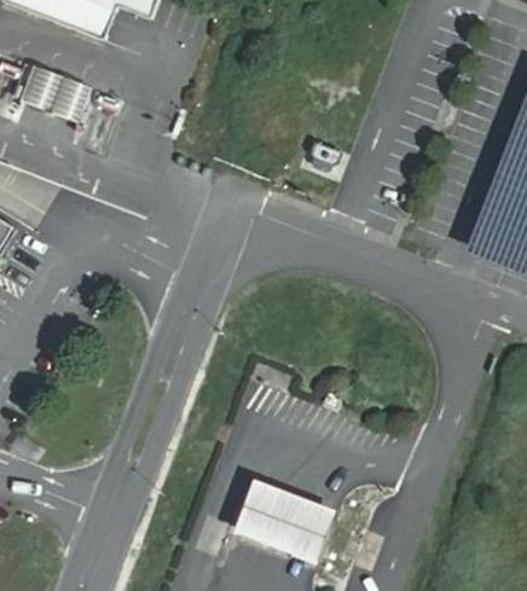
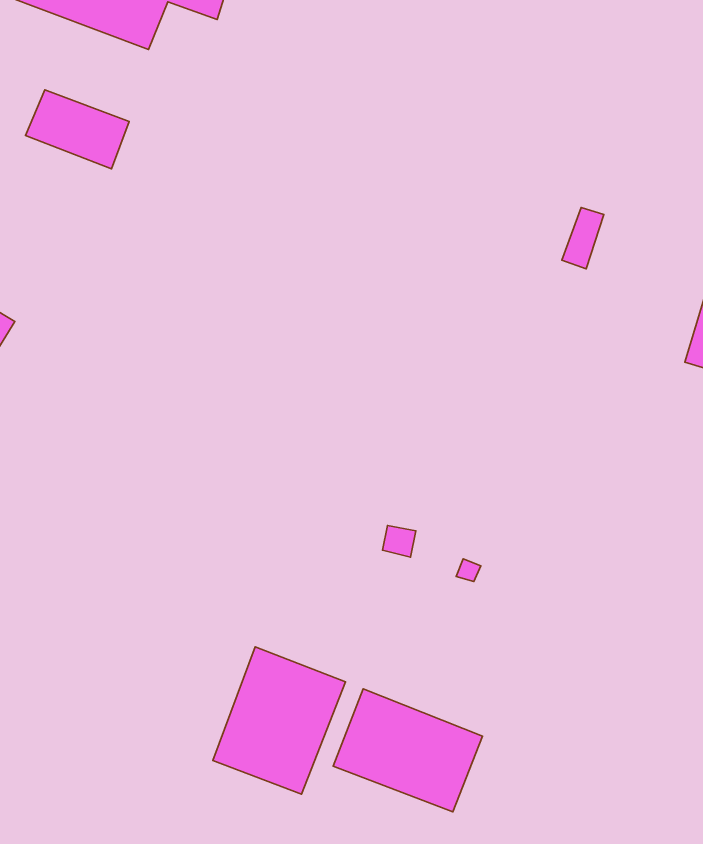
building: none -> [213,647,345,794]

